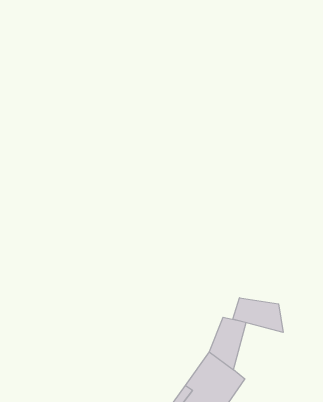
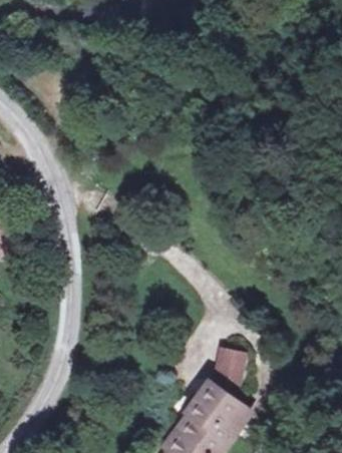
building: [233,298,283,332] -> none

